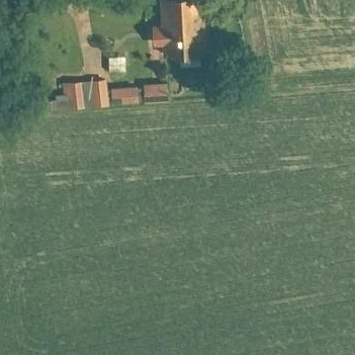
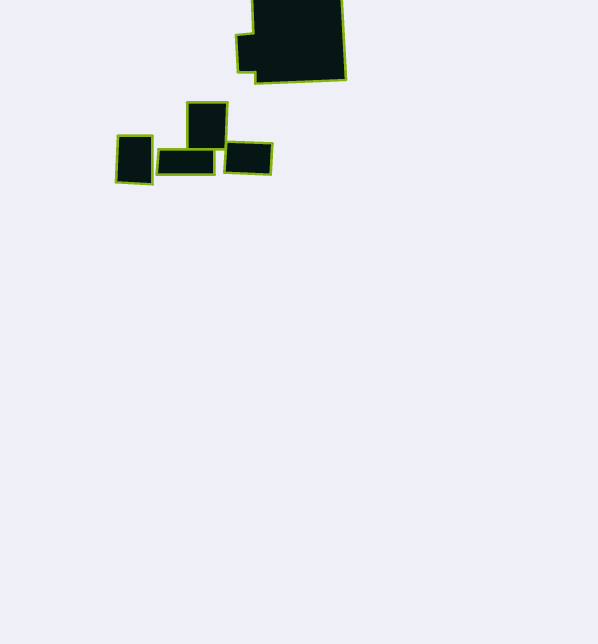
building: [66,82,87,106] -> [187,103,228,149]

